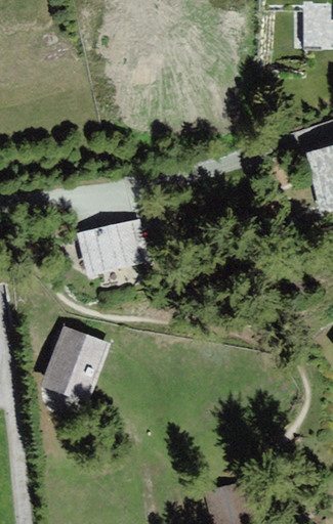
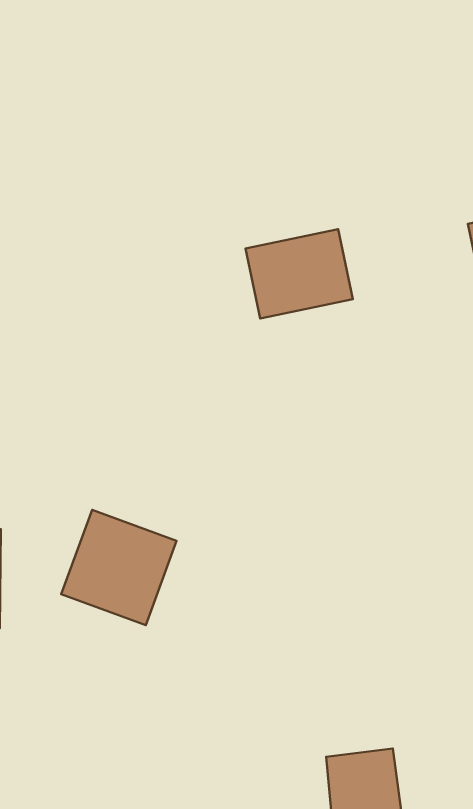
building: [73,222,140,278] -> [245,229,353,319]

